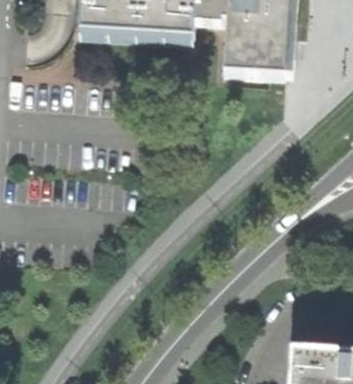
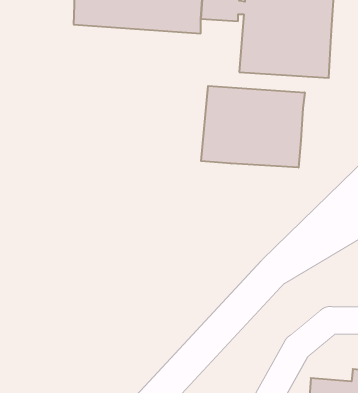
building: none -> [201,86,305,168]

